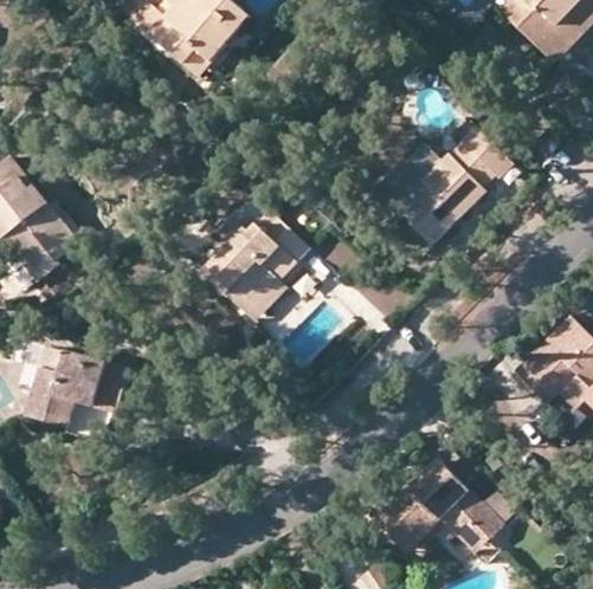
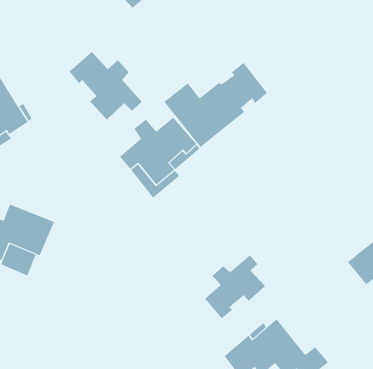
building: [375,124,511,244] -> [164,62,268,148]
building: none -> [69,51,142,120]
building: none -> [204,254,266,319]

